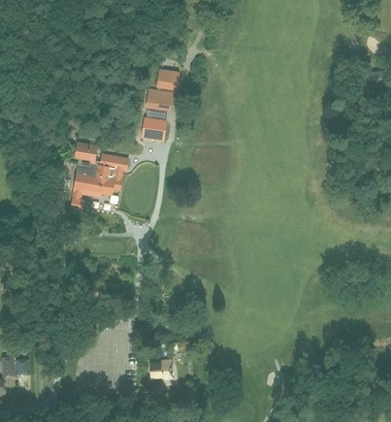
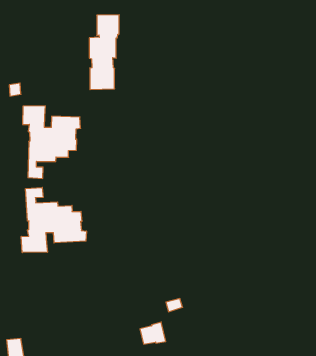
building: none -> [21,187,86,253]

